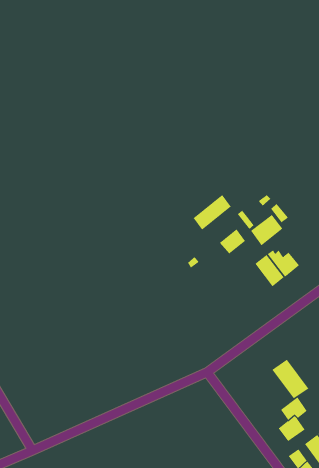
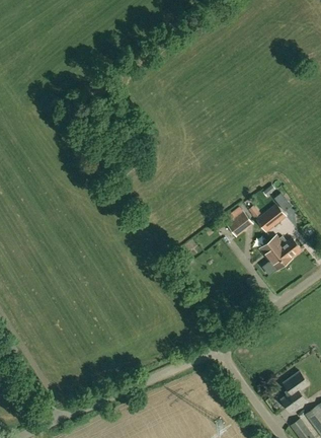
building: [193,194,232,231] -> none
building: [272,359,309,399] -> none

